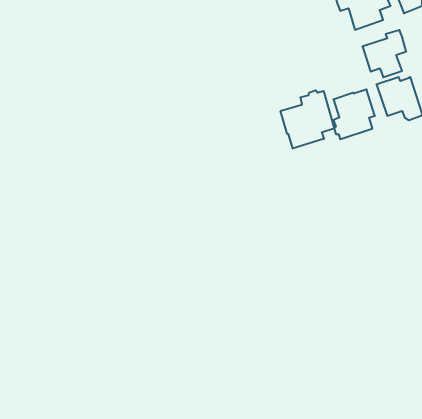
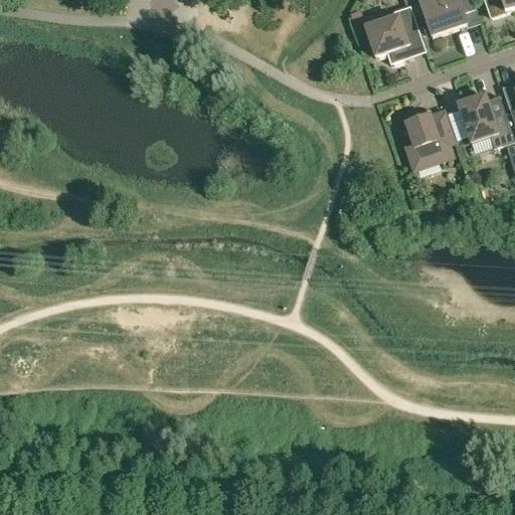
building: [362,30,406,77] -> [365,5,418,62]
building: [281,90,334,149] -> none

